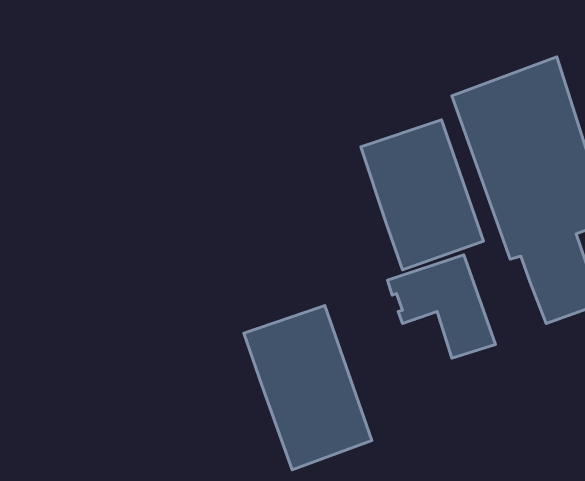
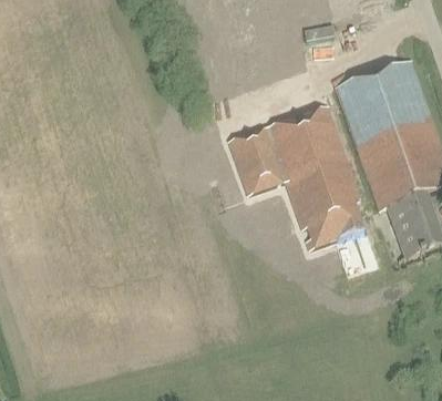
building: none -> [228,126,287,196]
building: [244,305,372,470] -> none

